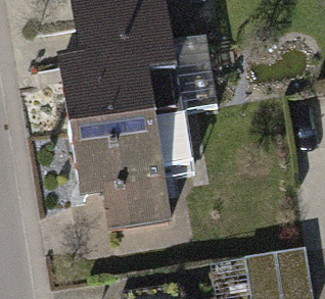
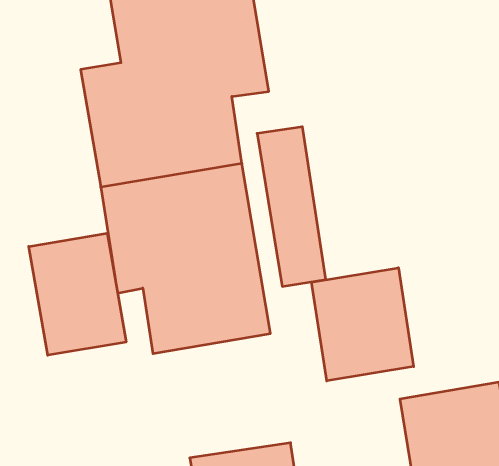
building: none -> [29,233,126,355]
building: none -> [312,268,414,381]

